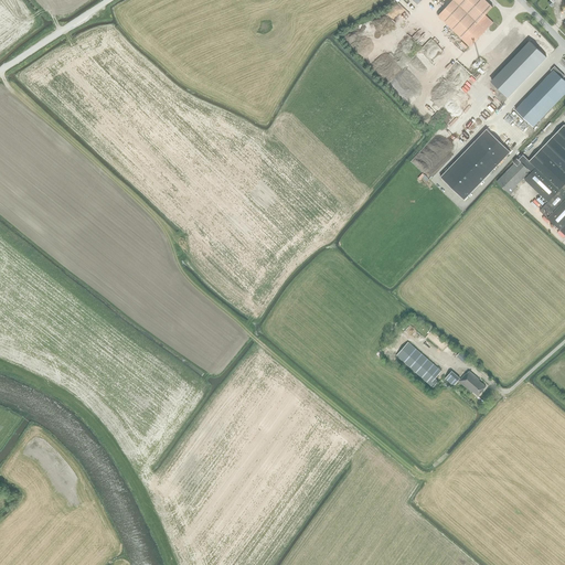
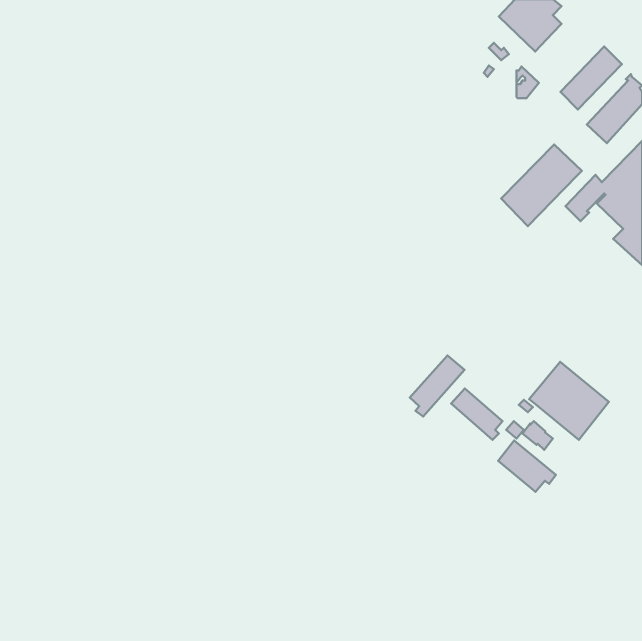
building: none -> [410,356,464,417]
building: none -> [529,362,609,440]
building: none -> [498,441,556,492]

